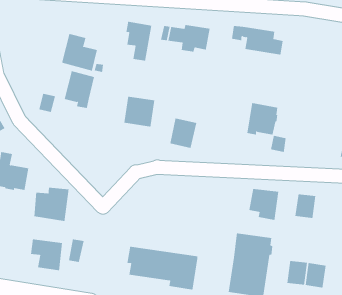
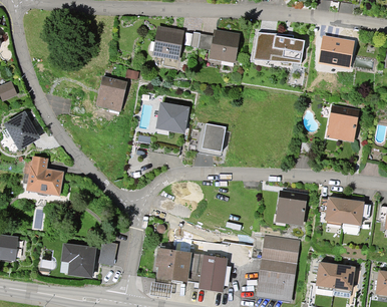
building: none -> [319,35,355,67]
building: [62,33,98,71] -> none
building: [246,102,278,135] -> [327,107,358,139]
building: [34,187,69,222] -> none
building: none -> [340,200,361,225]

